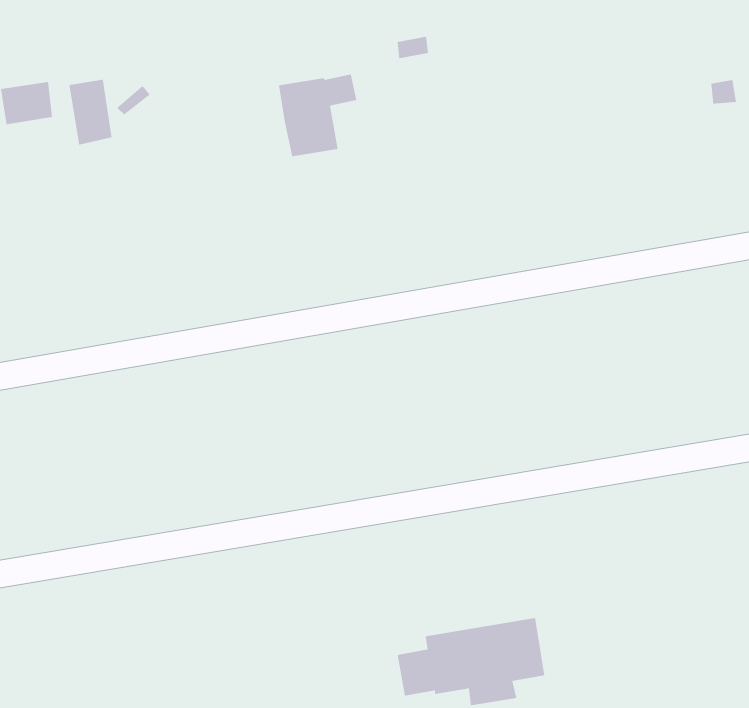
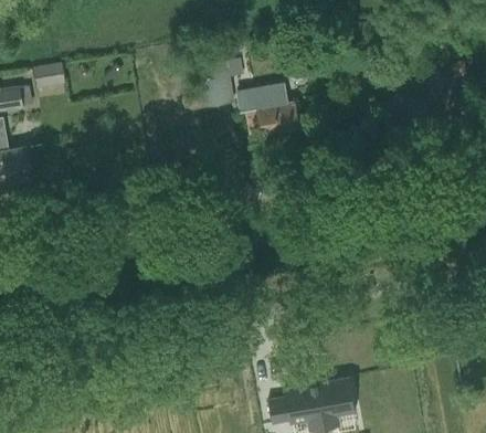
building: [69,79,112,146] -> none
building: none -> [243,84,300,136]

